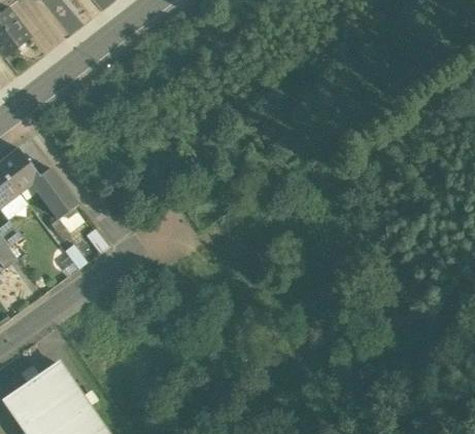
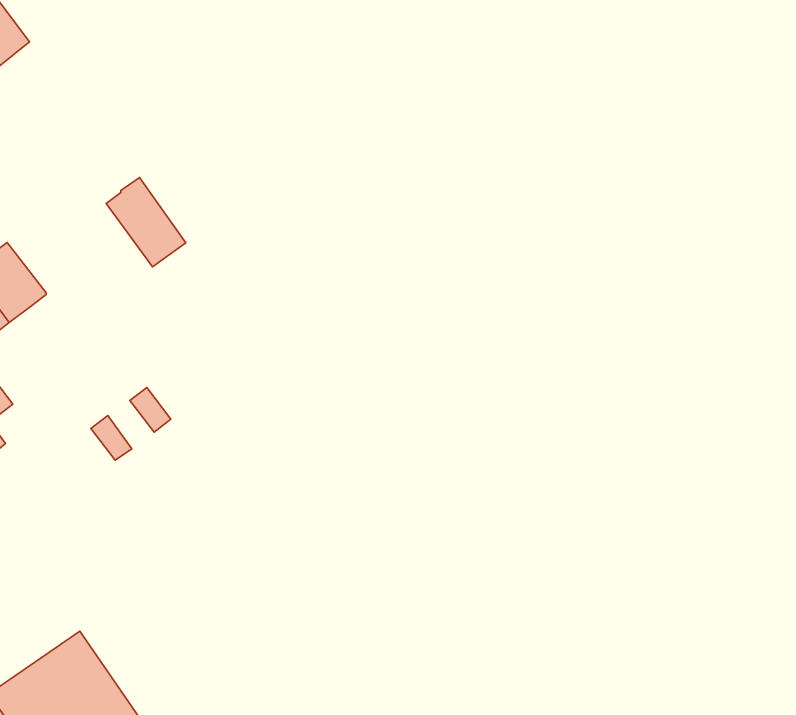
building: [32,169,76,218] -> [106,178,186,267]

